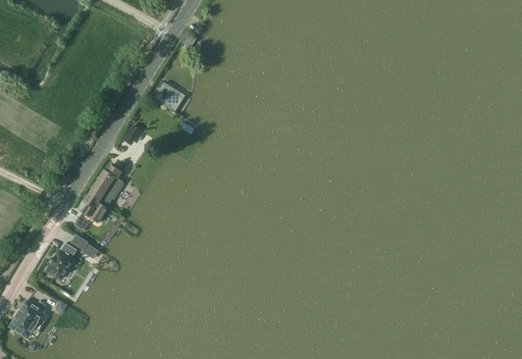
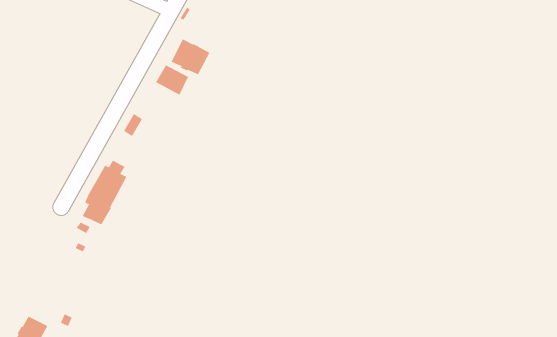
building: none -> [171,38,210,75]
building: [47,243,79,279] -> none

